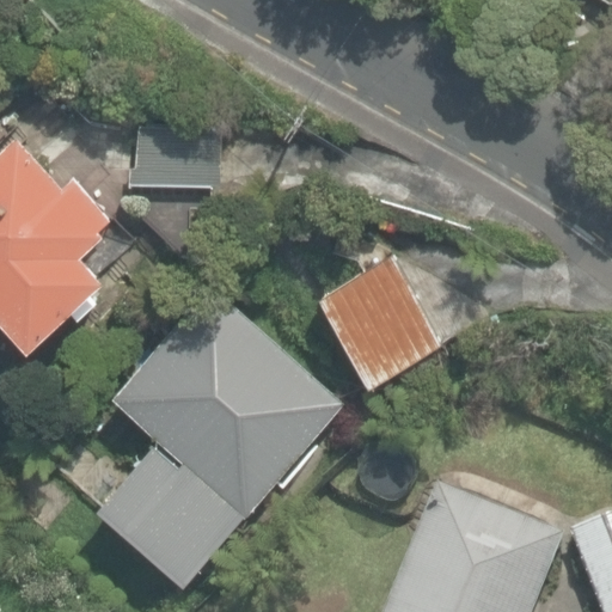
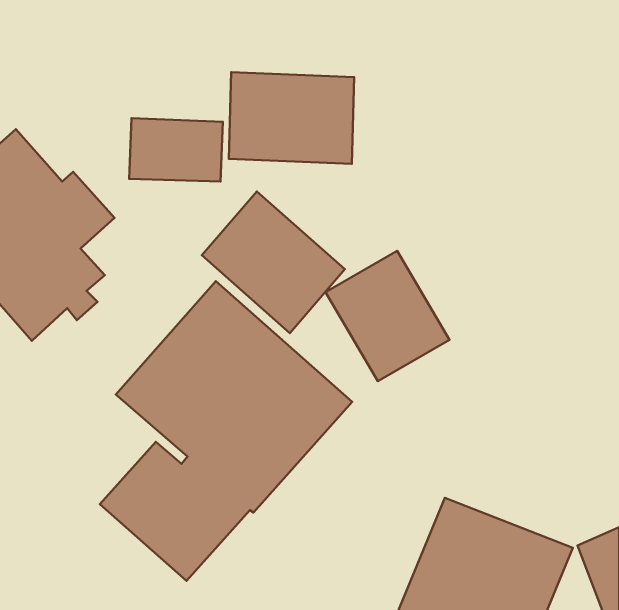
building: none -> [229,72,354,164]
building: none -> [202,191,345,333]

